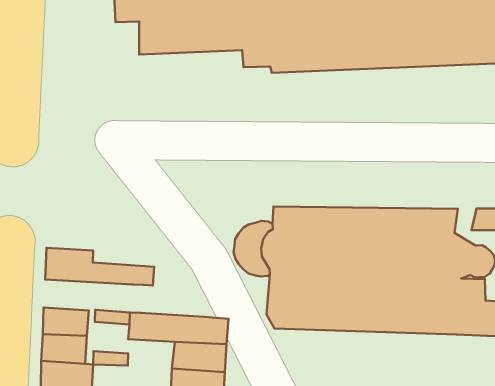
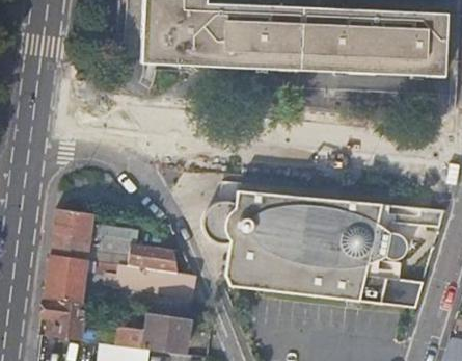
building: none -> [50,231,121,258]
building: none -> [126,241,175,270]

